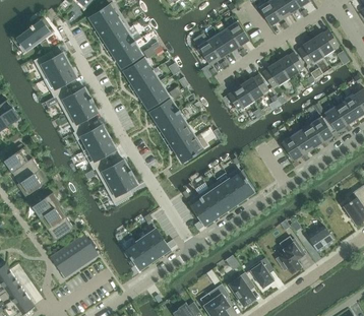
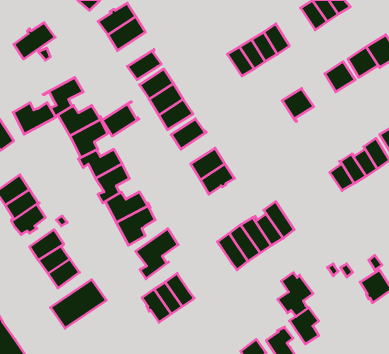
building: [105,27,135,56] -> [102,102,139,136]
building: [34,53,69,79] -> [13,103,56,134]
building: [261,62,288,87] -> none
building: [227,84,253,110] -> none
building: [158,111,186,137] -> none
building: none -> [136,229,178,279]
building: [276,237,305,273] -> [278,273,313,317]

